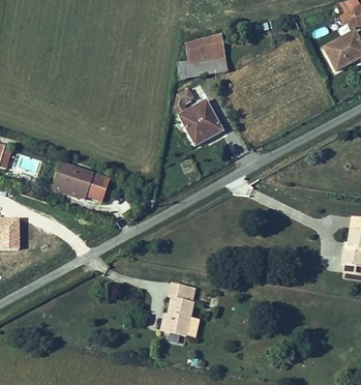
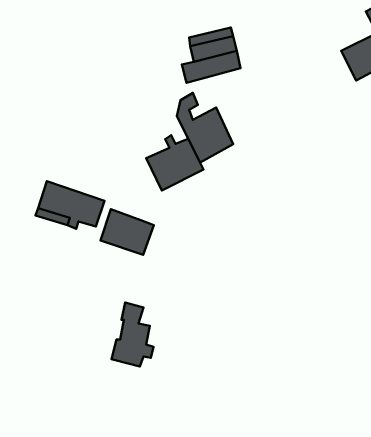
building: none -> [146,135,203,190]
building: none -> [100,209,154,255]
building: [158,279,193,333] -> [112,303,153,366]

